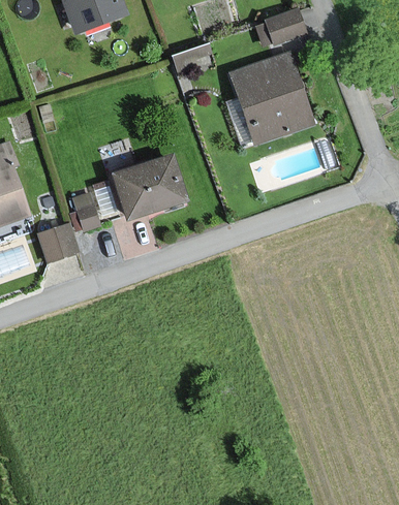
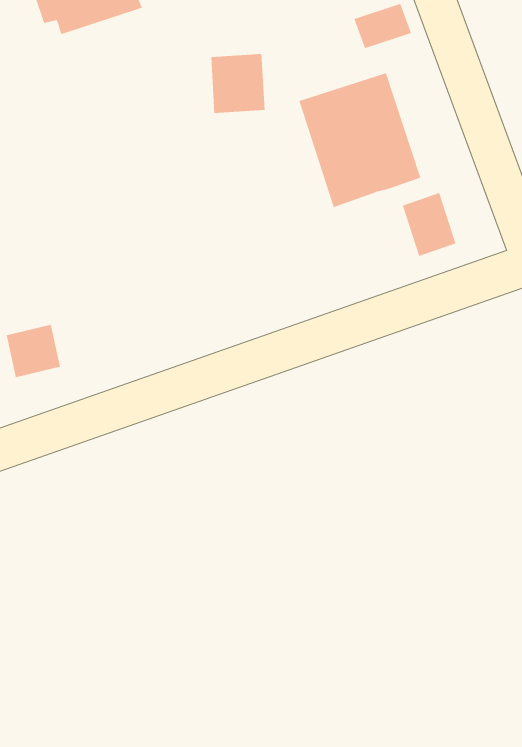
building: none -> [402,192,456,257]
building: [114,158,187,223] -> none
building: [71,185,101,226] -> none

